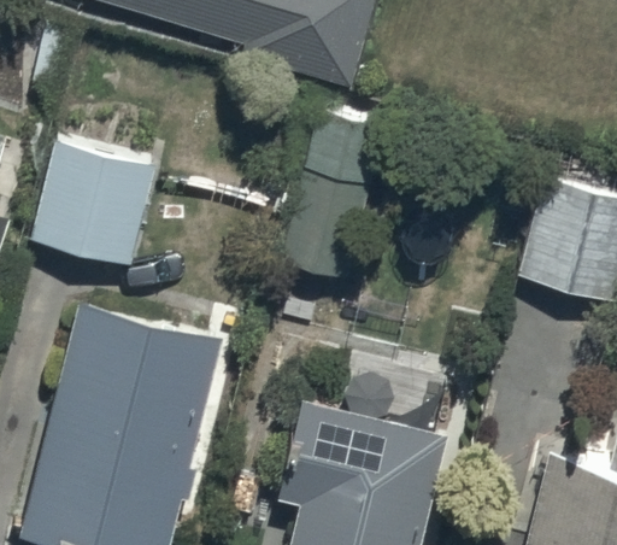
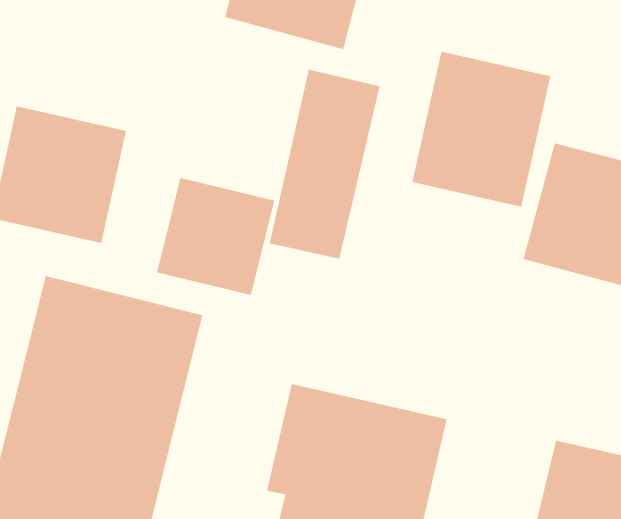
building: none -> [412,51,551,208]
building: none -> [156,177,275,296]

